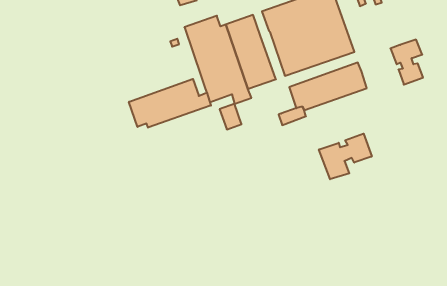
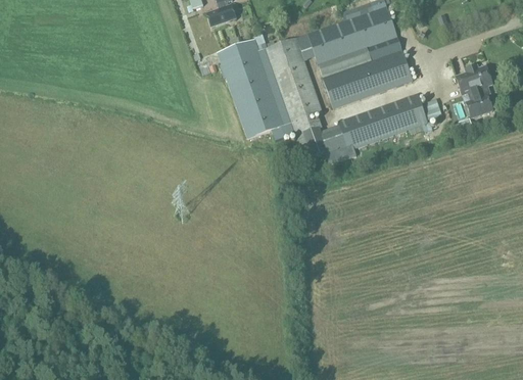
building: [129,79,211,128] -> none
building: [220,104,242,129] -> [301,127,327,156]
building: [319,134,372,179] -> none

